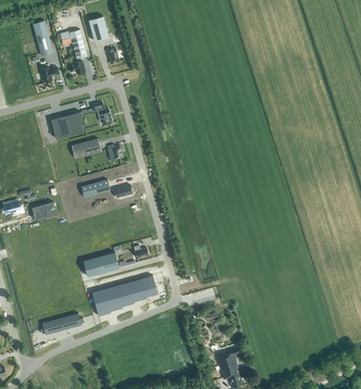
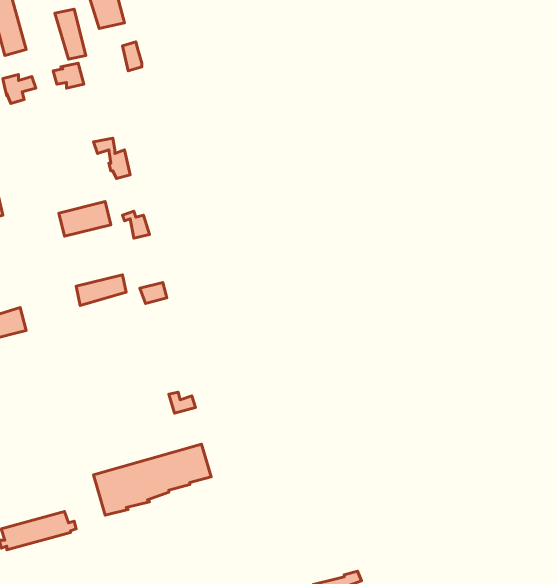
building: [50,111,85,138] -> none
building: [84,252,120,276] -> none

